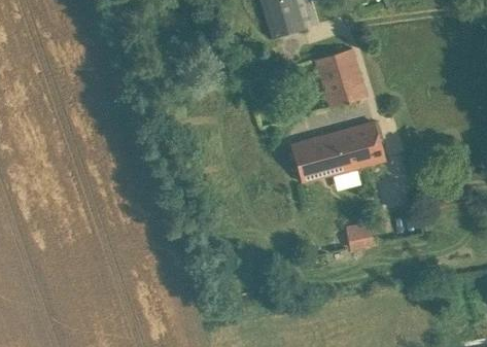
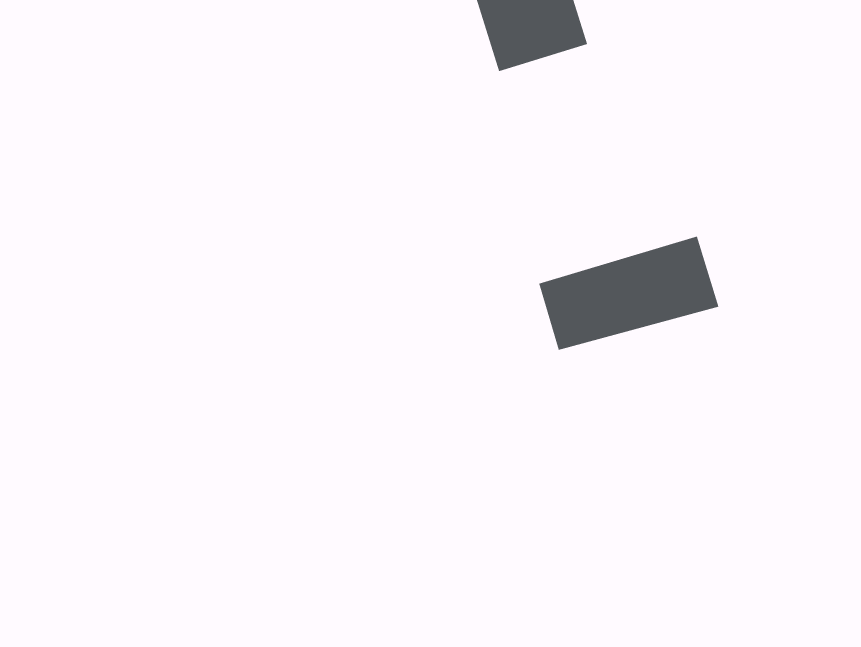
building: [316,48,367,107] -> none
building: [347,222,375,248] -> none

